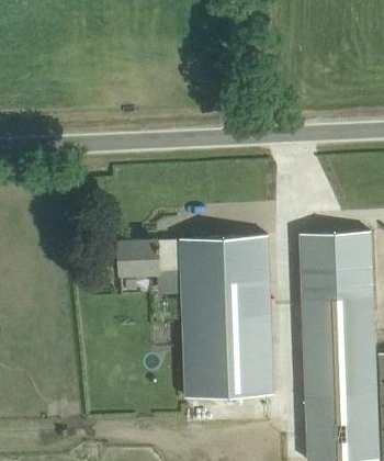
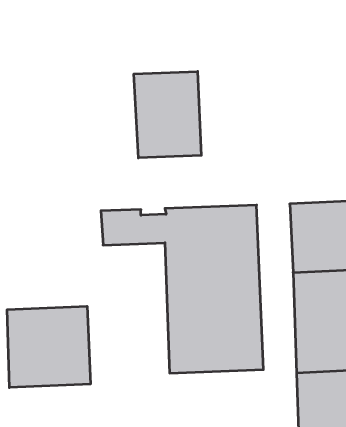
building: none -> [134,71,201,158]
building: none -> [7,306,90,388]

